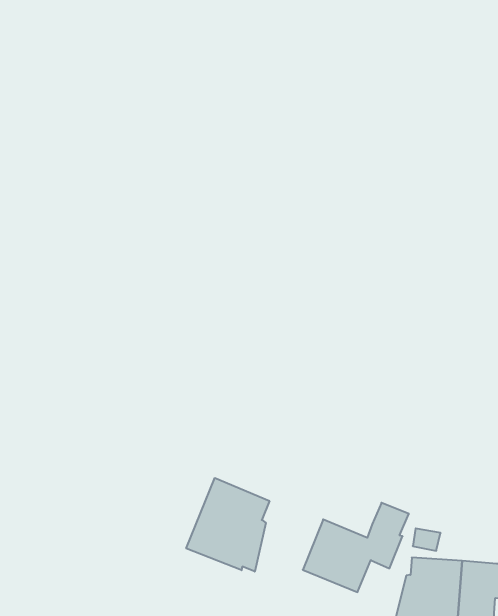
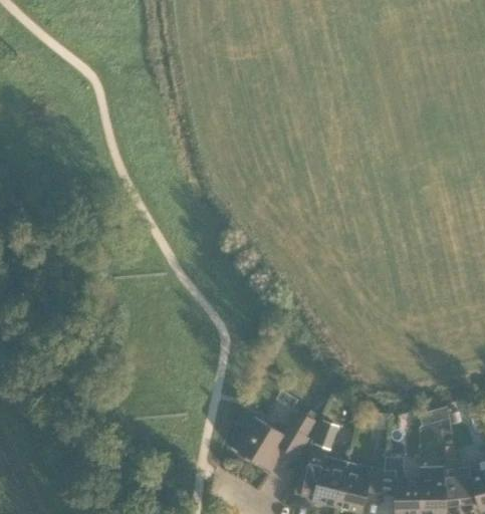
building: [186,478,269,572] -> none

